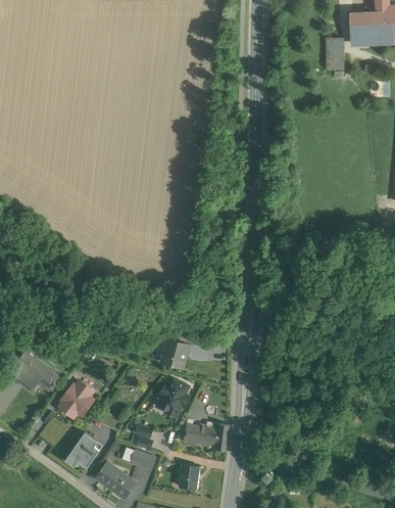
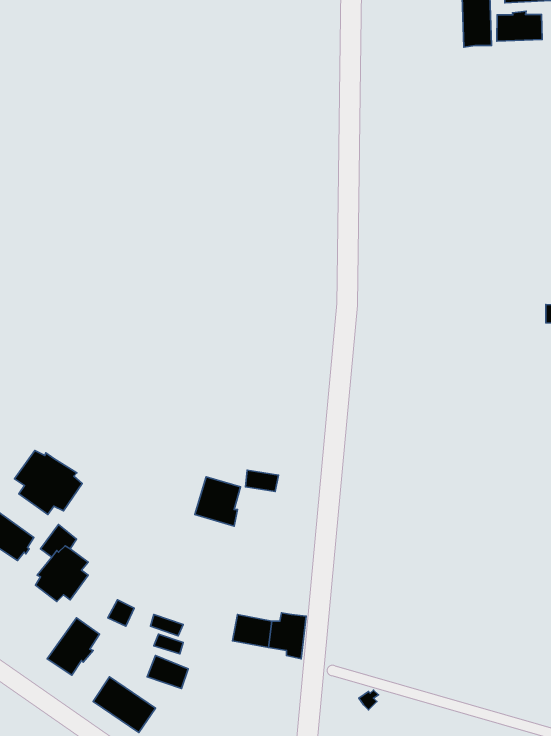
building: none -> [497,11,542,41]
building: none -> [14,451,82,514]
building: [158,379,189,418] -> none
building: [179,466,199,490] -> none

